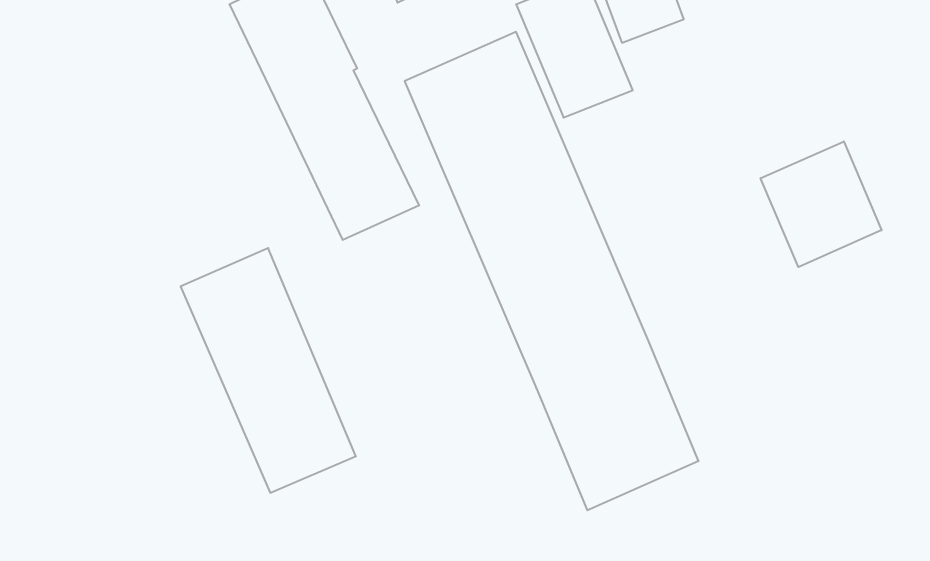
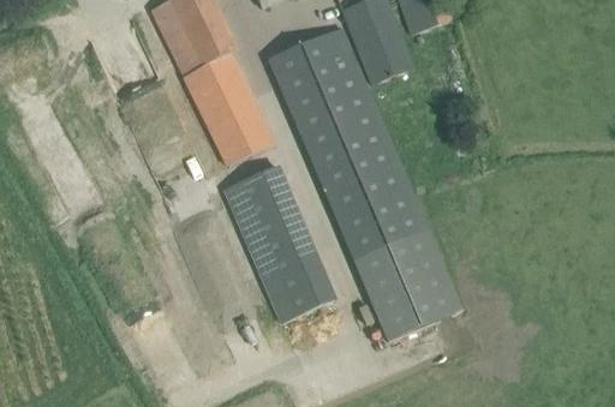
building: [761,141,882,267] -> none
building: [181,248,356,493] -> [222,163,338,324]

